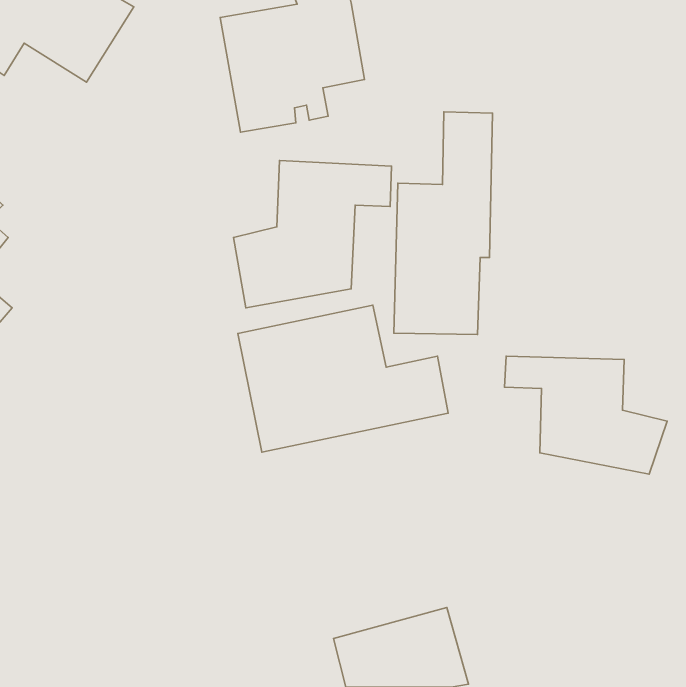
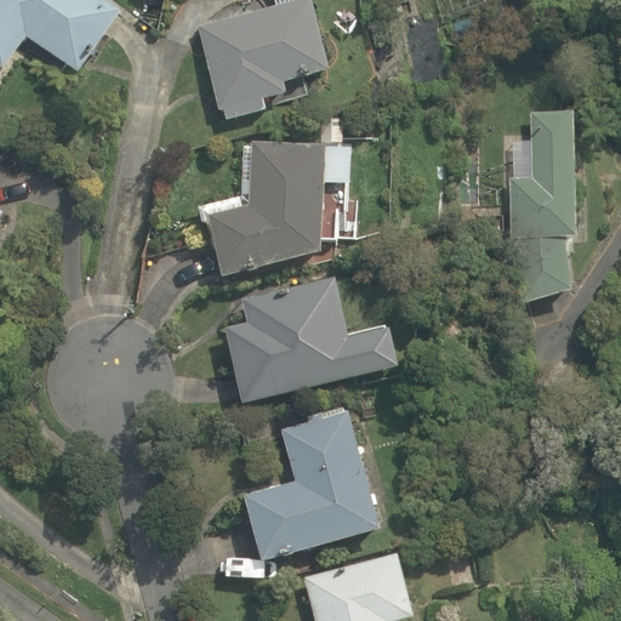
building: [394,112,492,334] -> [488,107,576,307]
building: [505,356,667,474] -> none
building: none -> [244,405,376,557]

